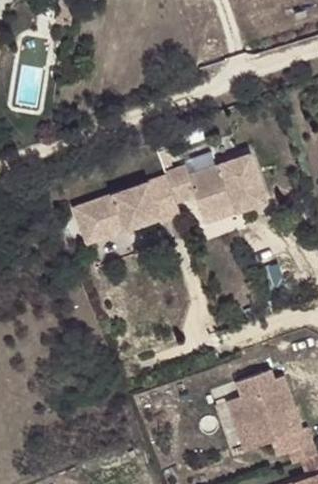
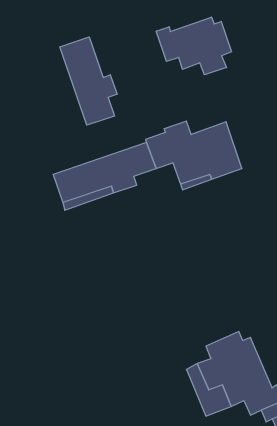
building: none -> [156,17,232,75]
building: none -> [60,37,117,125]

